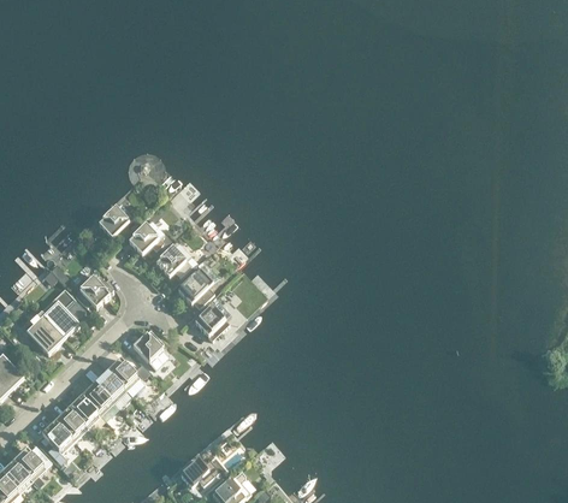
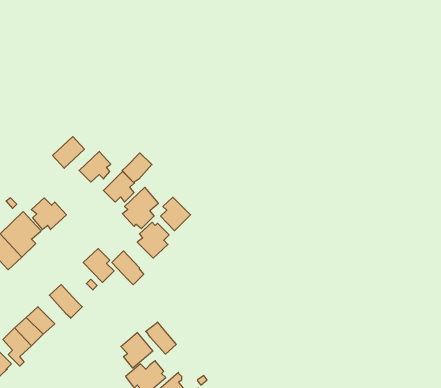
building: none -> [122,153,152,183]
building: none -> [161,197,191,231]
building: [107,357,143,396] -> [112,251,144,285]
building: [81,383,118,420] -> none
building: none -> [146,322,176,354]
building: none -> [121,332,153,368]

